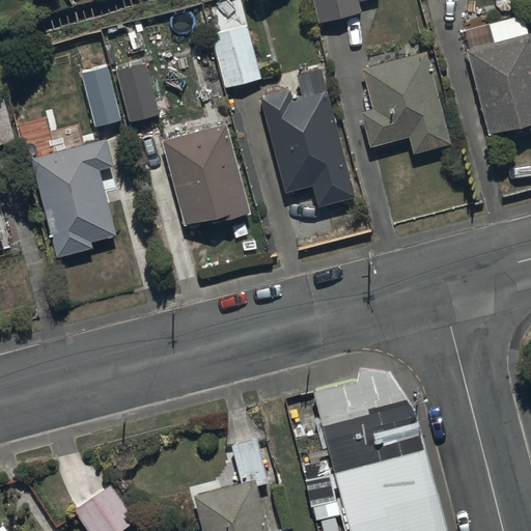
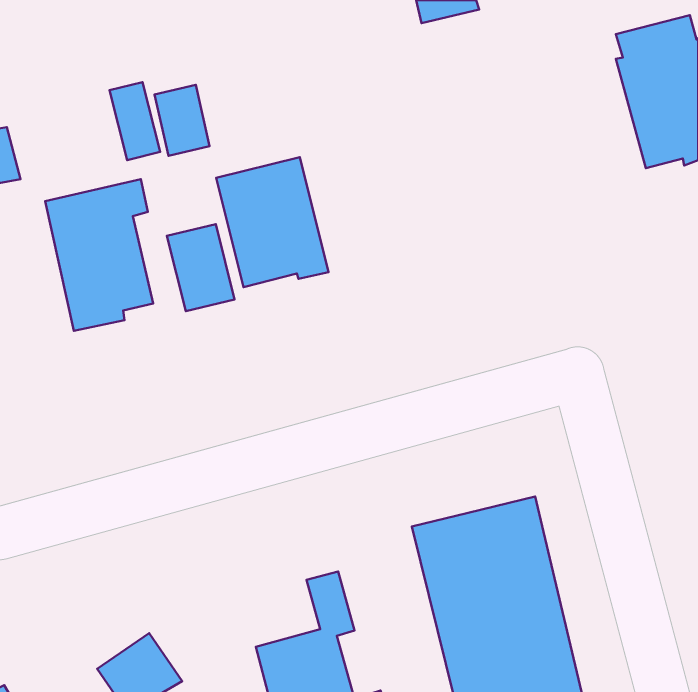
building: [211,26,261,88] -> none
building: [362,54,449,152] -> none
building: [260,89,355,206] -> none
building: none -> [167,224,235,311]

